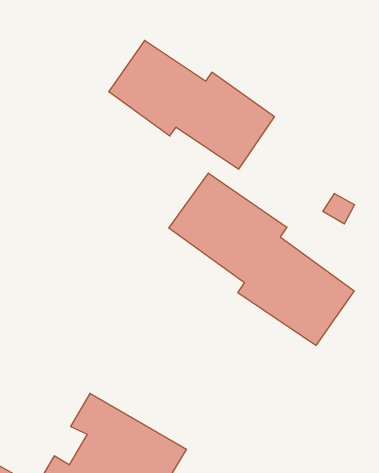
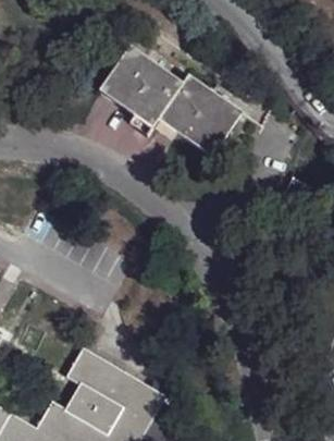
building: [169,173,354,345] -> none

